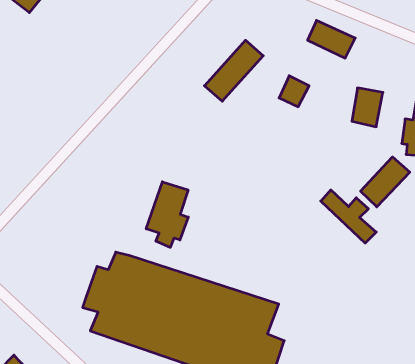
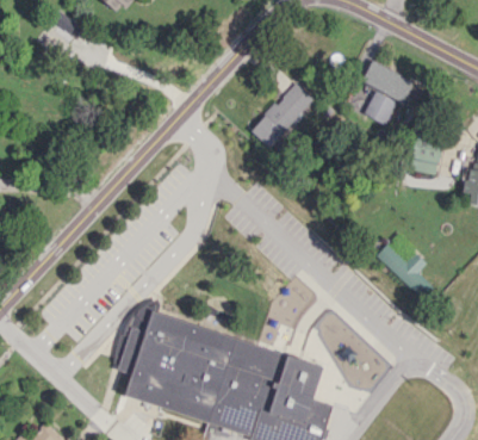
building: [279,76,309,107] -> [364,91,396,124]
building: [361,157,410,207] -> none
building: [146,182,188,247] -> none

